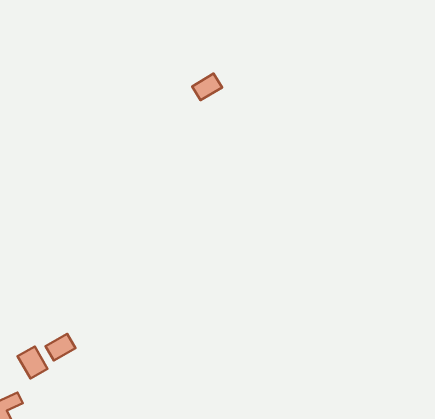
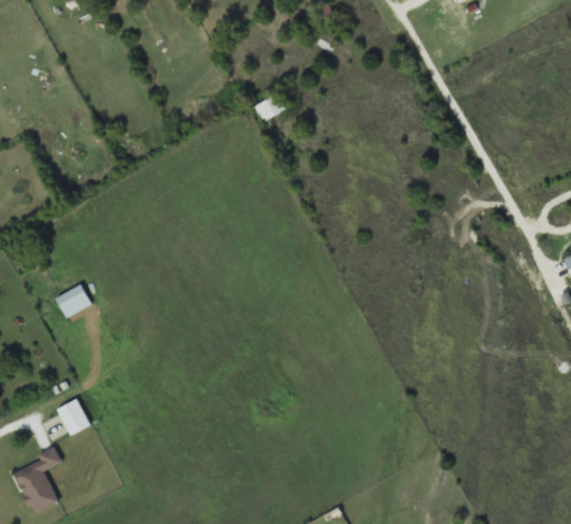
building: none -> [54,284,90,318]
building: [46,334,76,361] -> none

